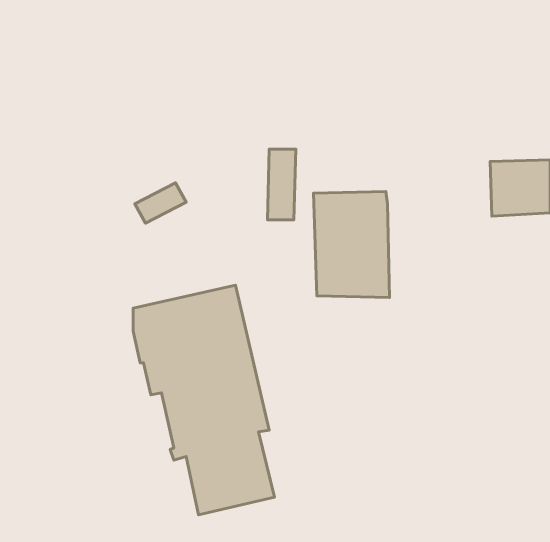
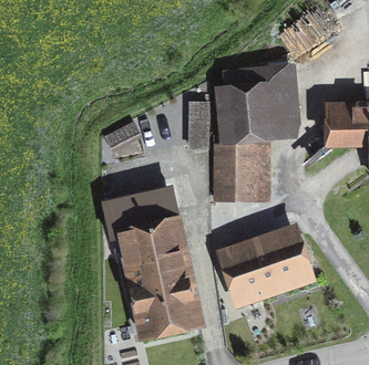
building: none -> [219,67,297,132]
building: none -> [227,238,304,296]

